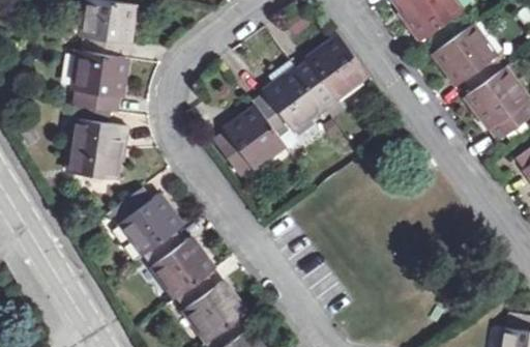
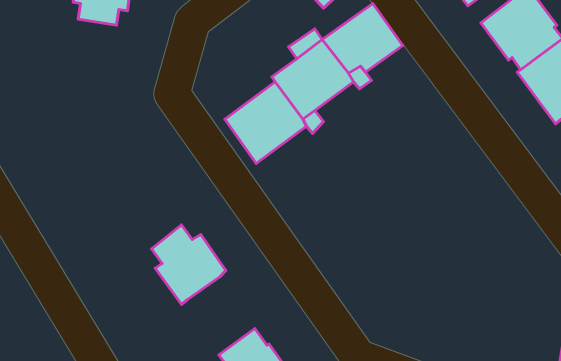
building: [75,51,126,110] -> none
building: [67,118,125,179] -> none
building: [117,185,181,253] -> none
building: [180,272,245,340] -> none

